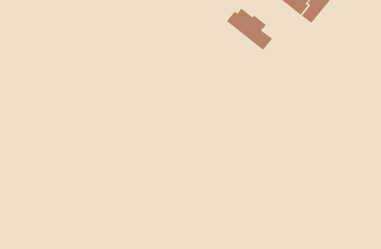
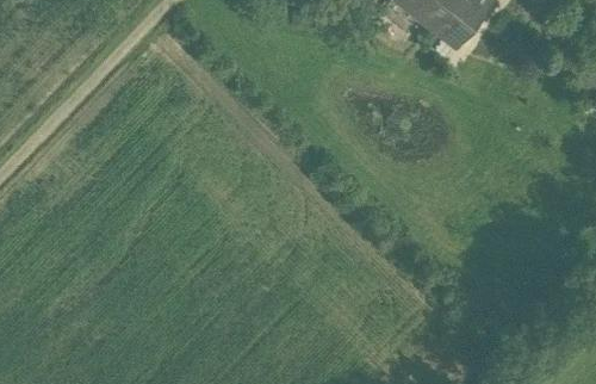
building: [226,8,273,51] -> none

